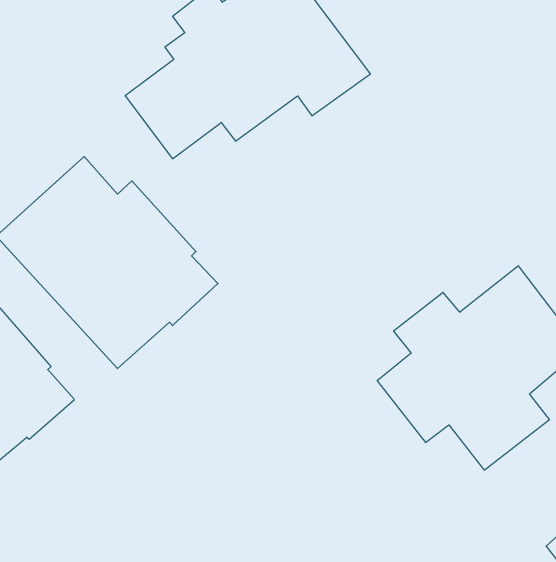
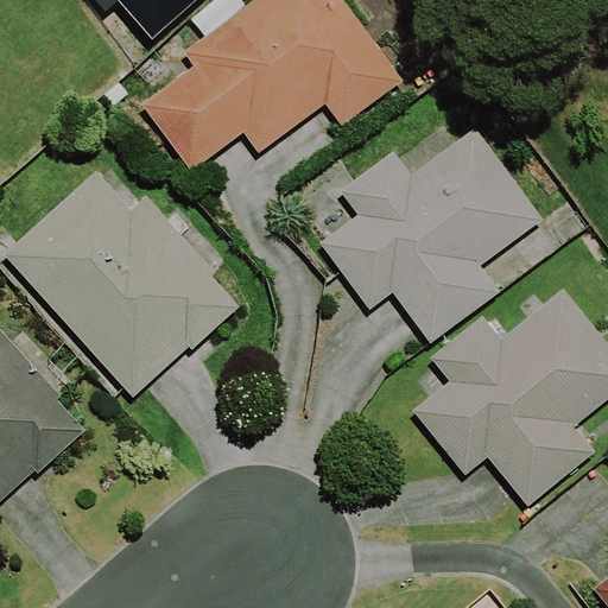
building: none -> [318,126,543,342]

